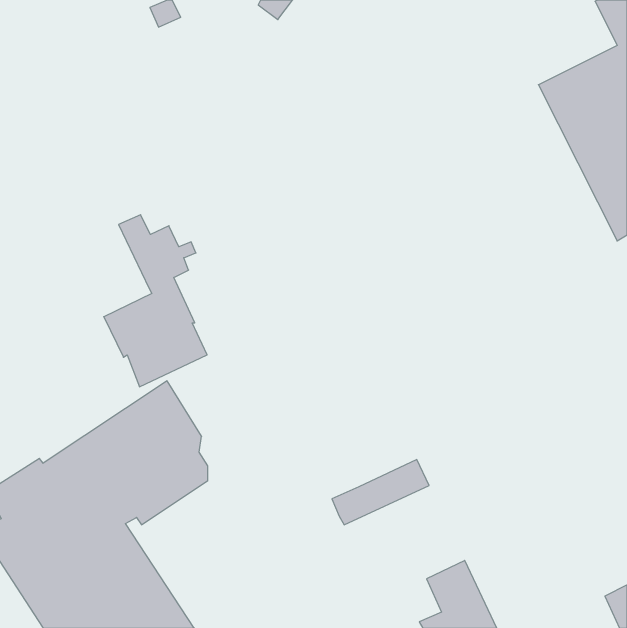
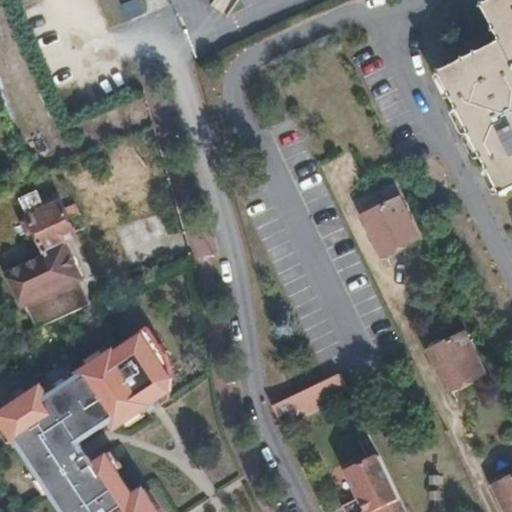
building: [104,215,207,387] -> [7,192,91,332]
building: none -> [363,198,417,256]
building: none -> [428,334,481,391]

